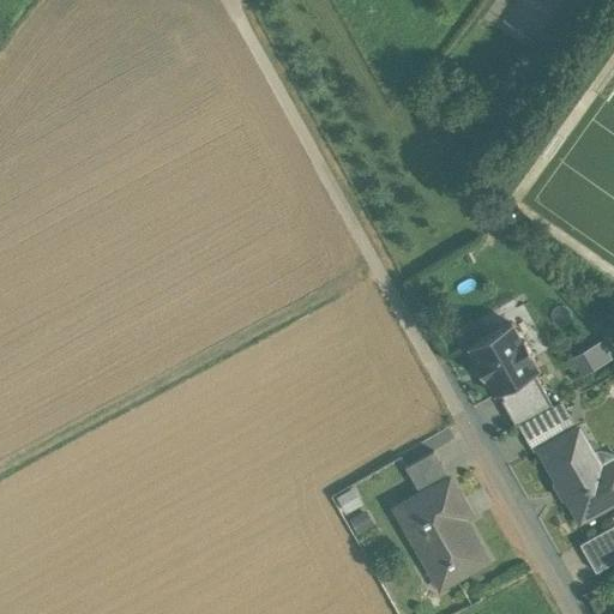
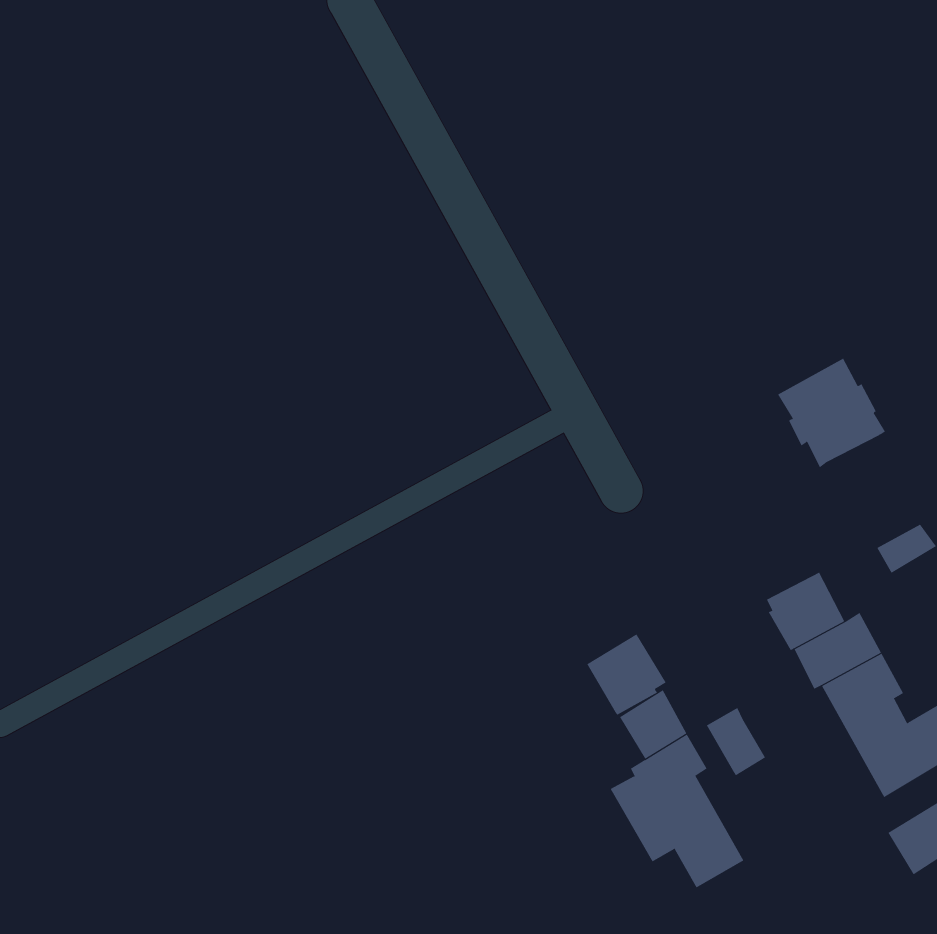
building: [469,326,540,398] -> [777,358,886,468]
building: none -> [586,633,667,716]
building: none -> [706,707,766,776]

